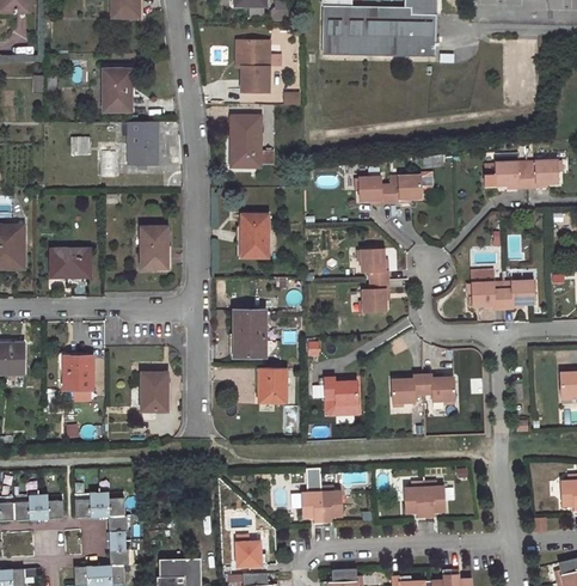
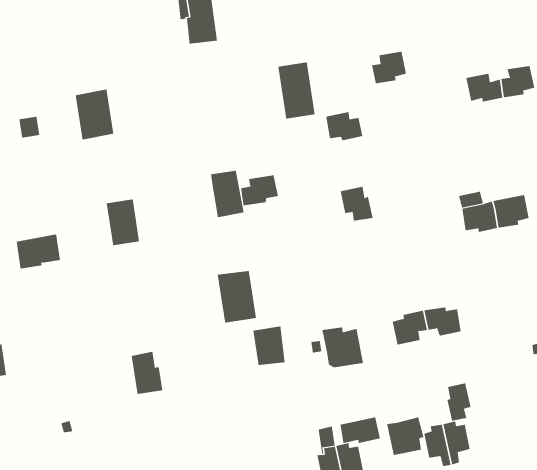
building: [105,69,130,110] -> none
building: [232,116,260,166] -> [277,62,316,119]
building: [389,176,422,202] -> [371,51,407,84]
building: none -> [241,175,279,206]
building: [362,280,389,312] -> none
building: [63,358,93,389] -> none
building: none -> [447,383,471,422]
building: none -> [340,416,380,444]
building: none -> [386,417,424,456]

